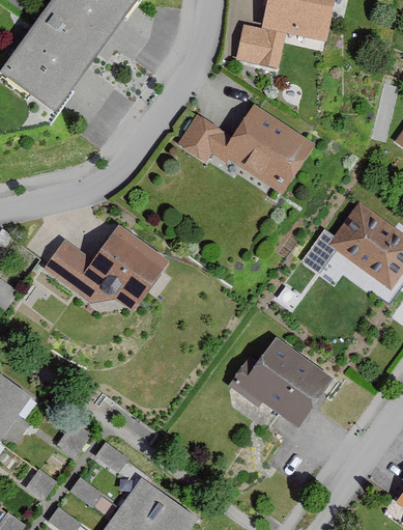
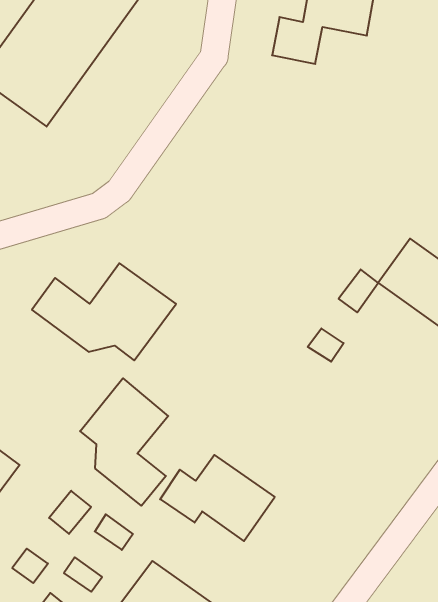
building: [181,111,307,184] -> none
building: none -> [80,378,168,506]
building: [230,344,326,417] -> [160,455,275,541]

